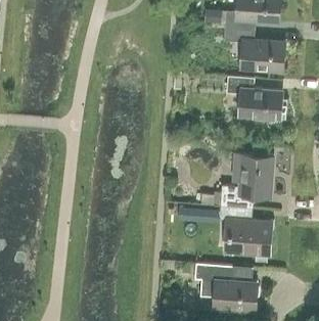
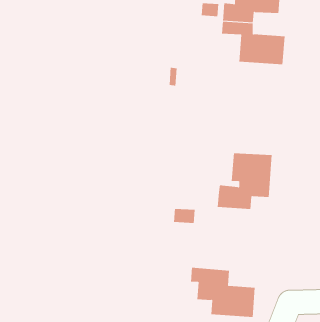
building: [226,77,286,122] -> none
building: [219,207,272,255] -> none

